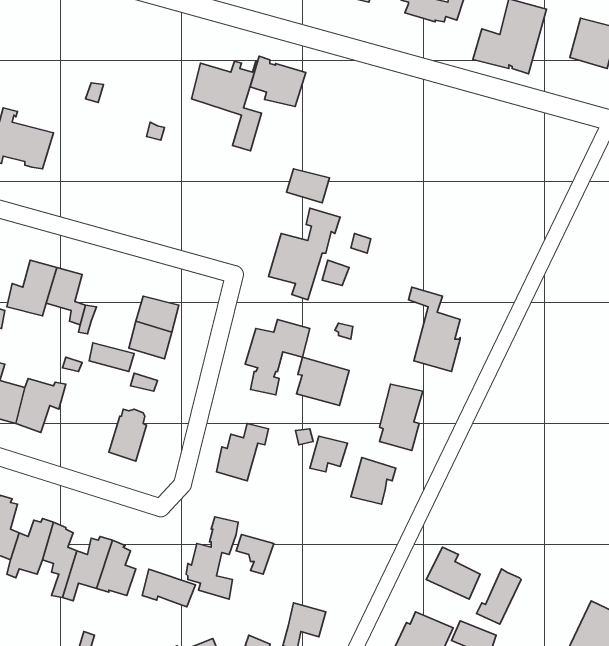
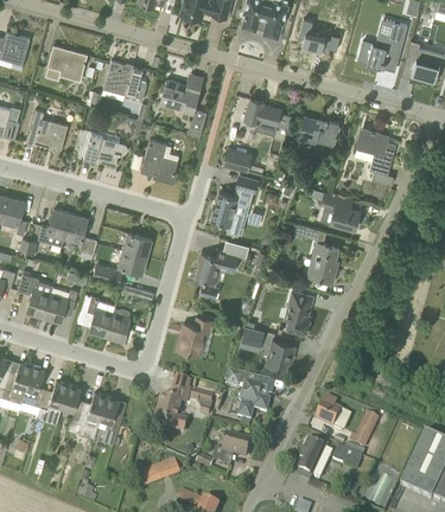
building: none -> [46,44,88,78]
building: none -> [103,59,144,97]
building: [250,56,306,107] -> [244,98,281,132]
building: none -> [298,114,339,145]
building: none -> [74,128,127,162]
building: none -> [356,128,396,181]
building: none -> [140,139,179,183]
building: none -> [322,193,360,229]
building: [296,357,349,405] -> none
building: none -> [87,295,114,335]
building: none -> [225,370,273,421]
building: [142,569,196,607] -> none

